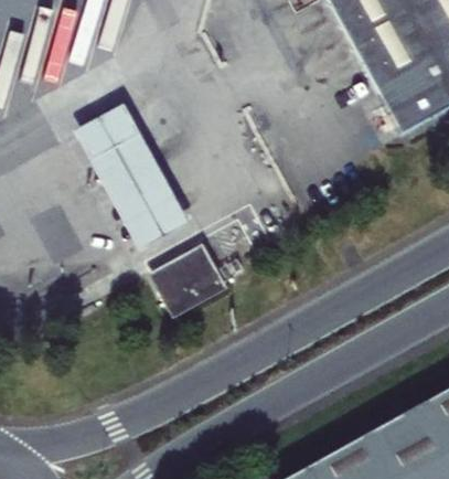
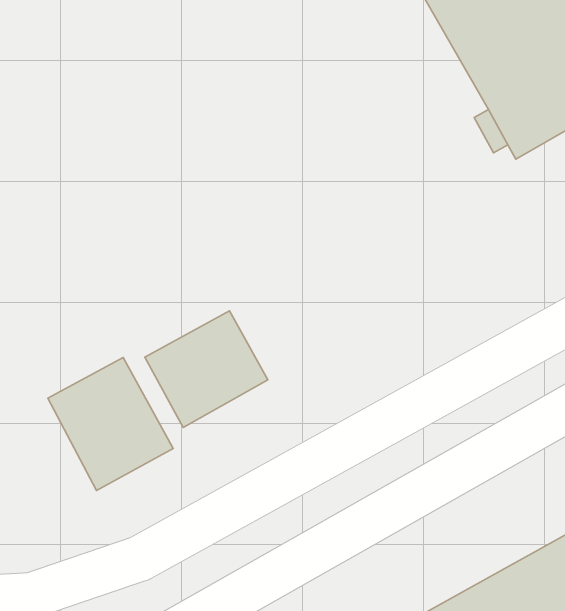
building: [74,104,190,252] -> none
building: none -> [48,357,173,490]

